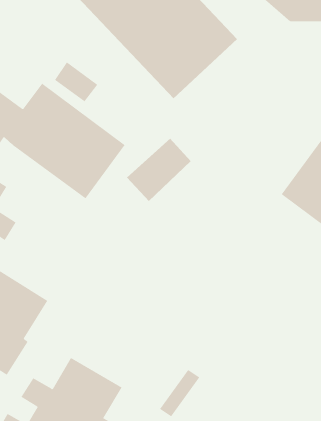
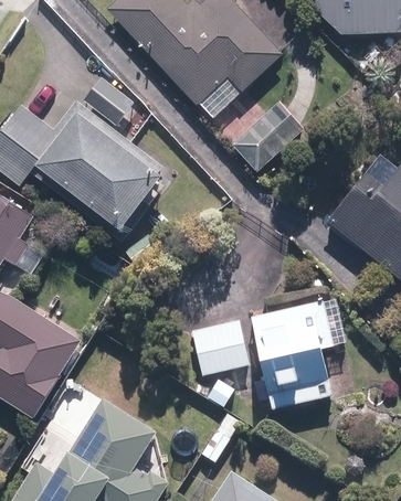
building: [126,138,192,202] -> [232,100,303,170]
building: none -> [250,298,348,413]
building: none -> [189,319,251,377]

